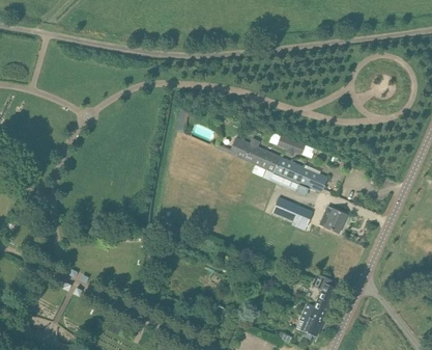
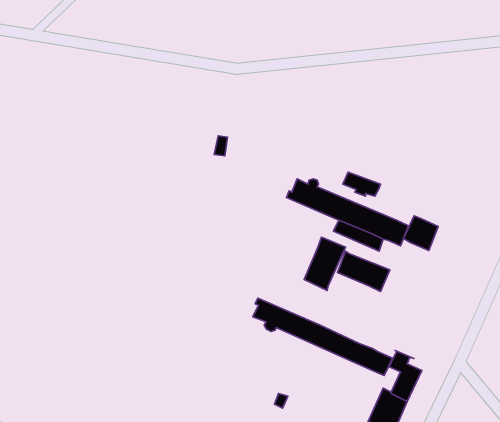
building: none -> [304,237,346,290]
building: [319,206,346,233] -> [403,216,438,251]
building: none -> [253,298,393,375]

